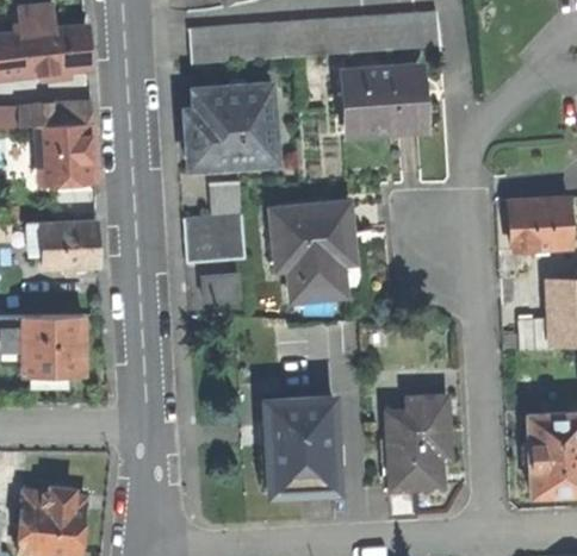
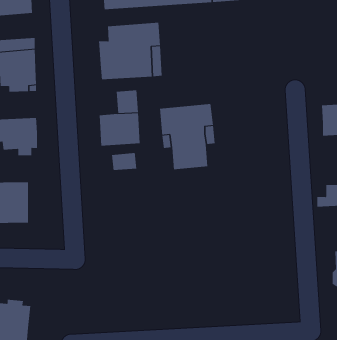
building: [345,65,422,132] -> none
building: [386,393,449,485] -> none
building: [263,395,336,493] -> none

